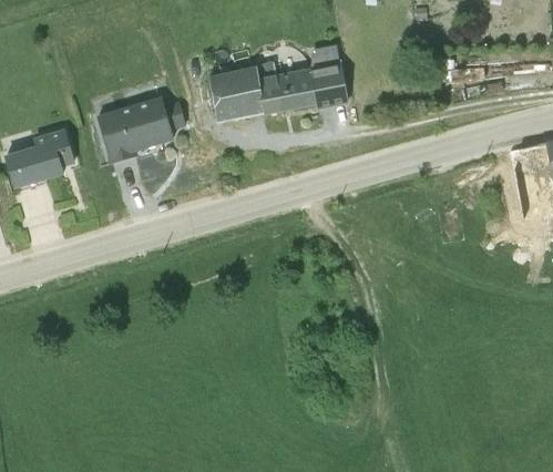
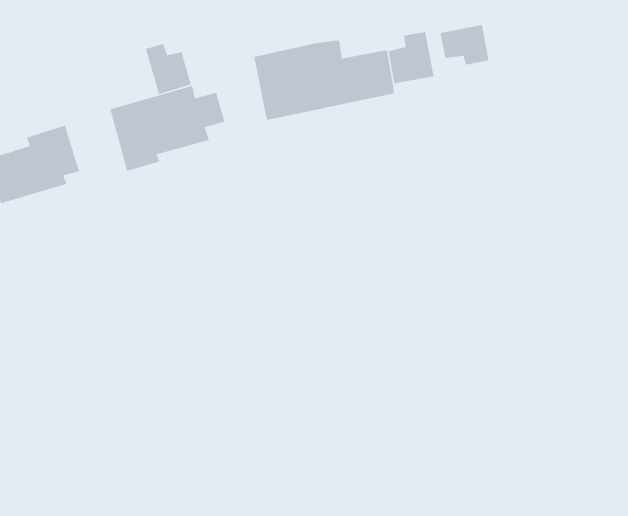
building: none -> [440,24,489,65]
building: none -> [145,43,192,95]

